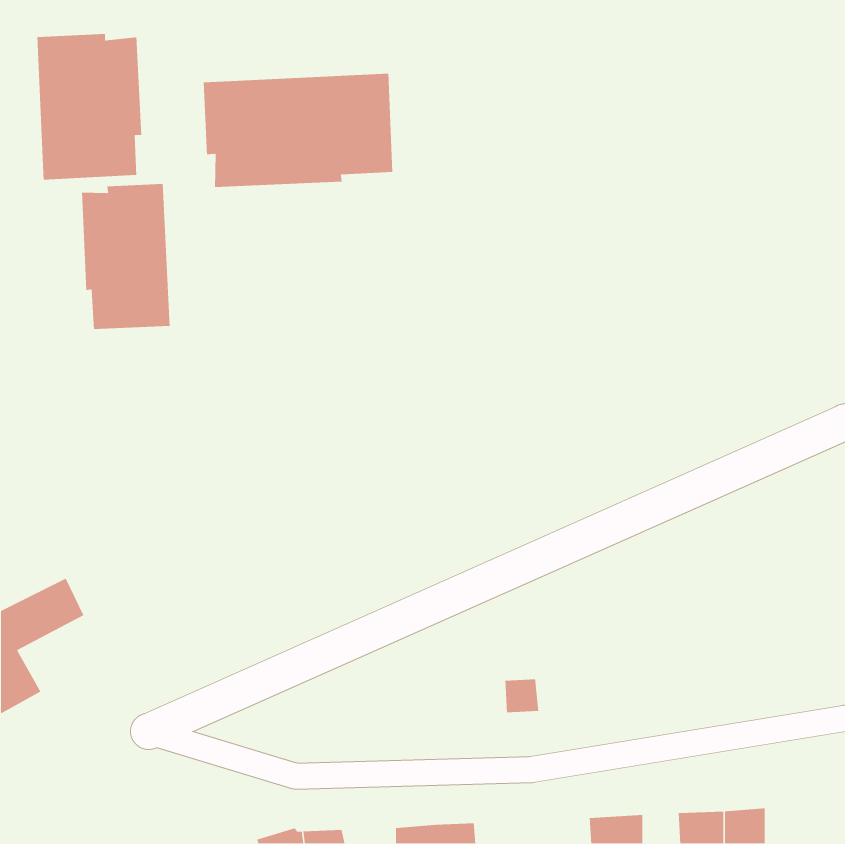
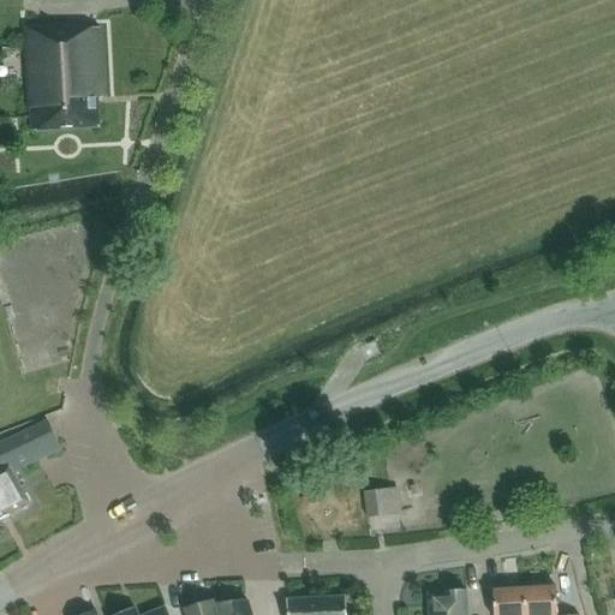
building: [203,73,393,188] -> none
building: [81,183,171,330] -> none

